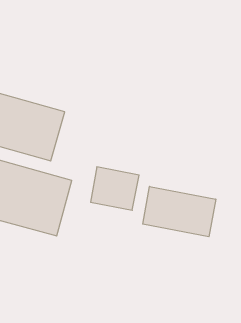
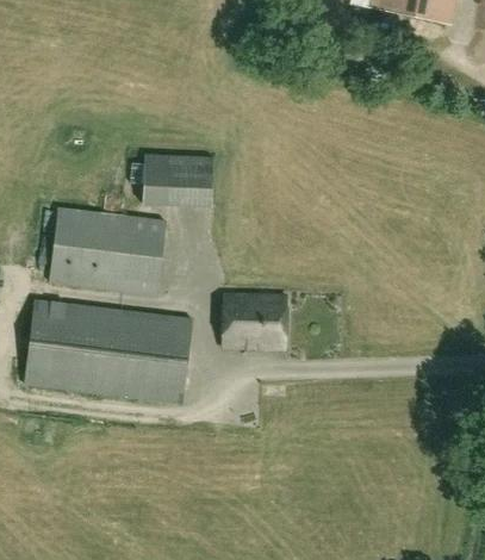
building: none -> [143,154,213,206]
building: [143,186,216,237] -> none

